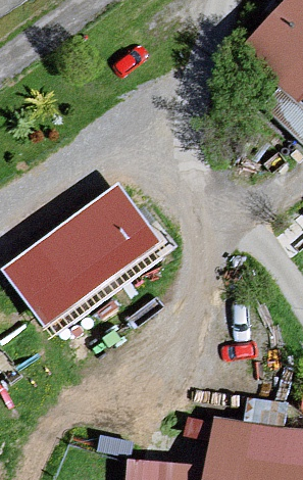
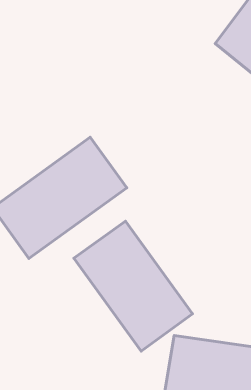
building: none -> [74,221,193,351]

